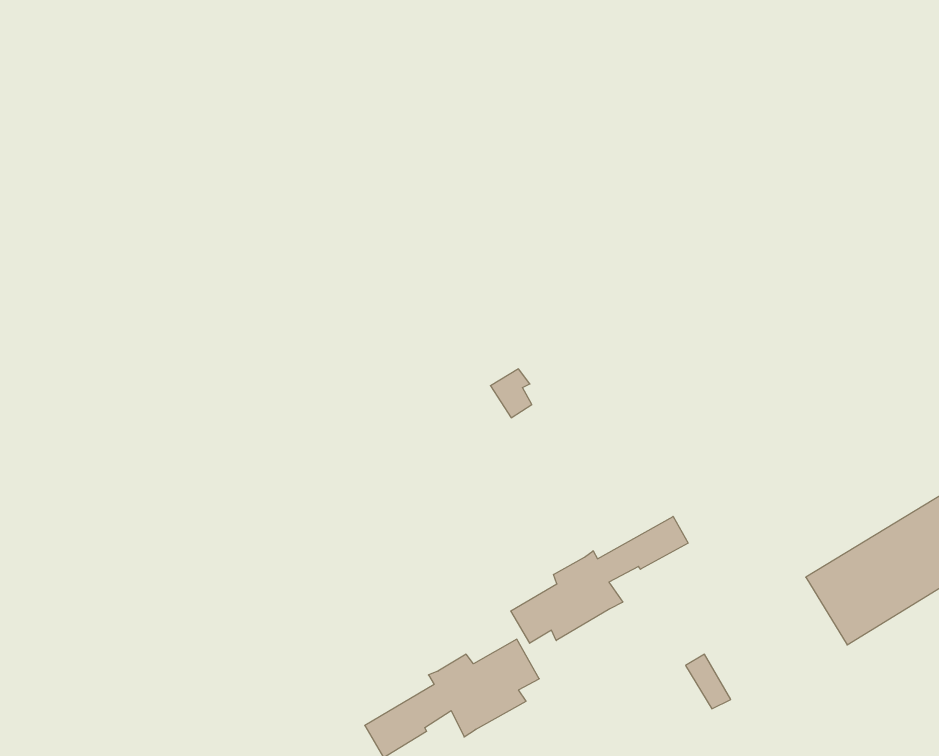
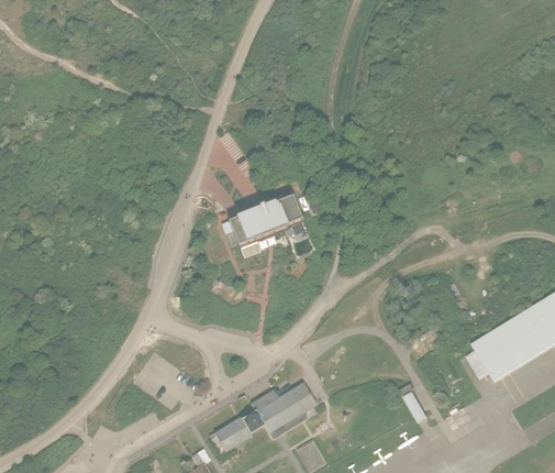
building: none -> [227,191,299,244]
building: [511,516,688,643] -> none

